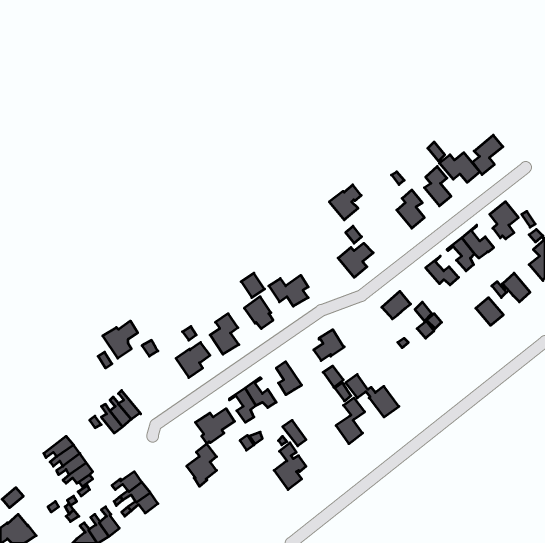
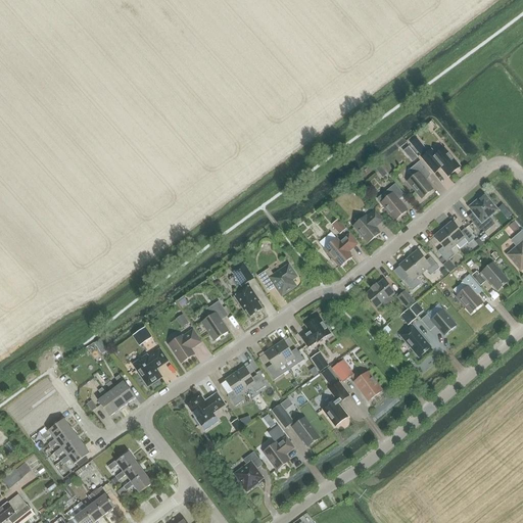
building: [473,135,503,175] -> none
building: [329,185,361,220] -> [352,208,383,242]
building: none -> [394,256,421,289]
building: [103,321,138,358] -> [133,348,167,384]
building: none -> [421,308,456,334]
building: none -> [399,324,431,355]
building: none -> [274,336,303,369]
building: none -> [291,416,320,445]
building: [187,444,217,486] -> [234,450,263,491]

